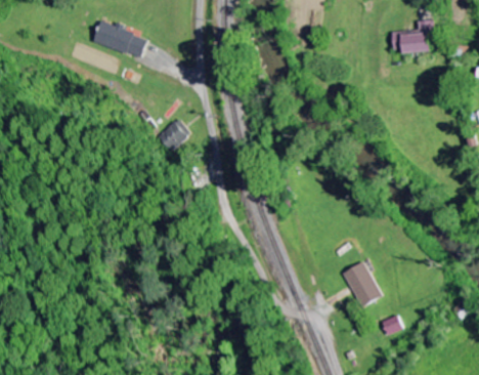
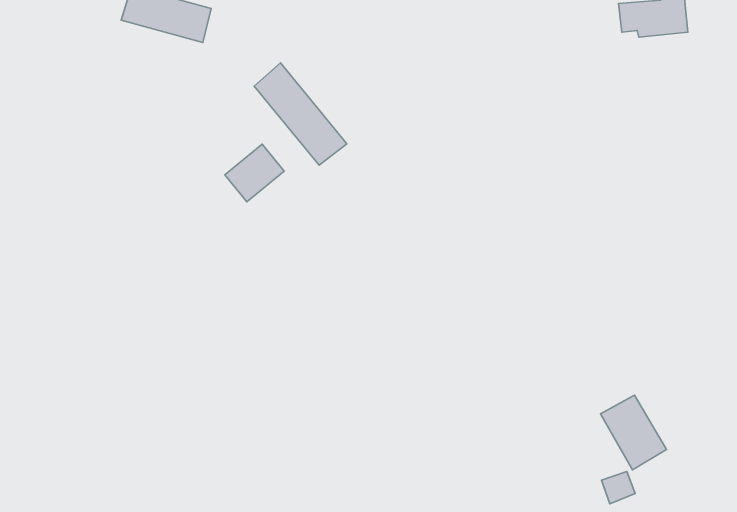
building: none -> [254,63,347,165]
building: [342,262,382,307] -> [600,395,667,470]

